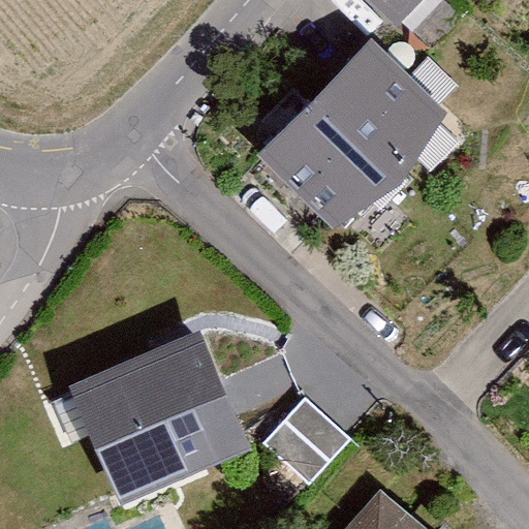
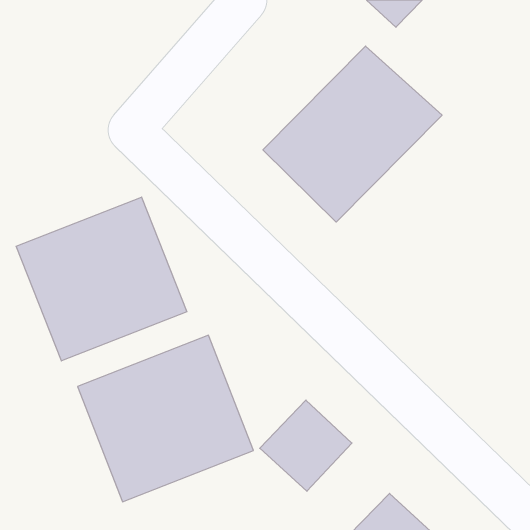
building: none -> [16,197,187,361]

